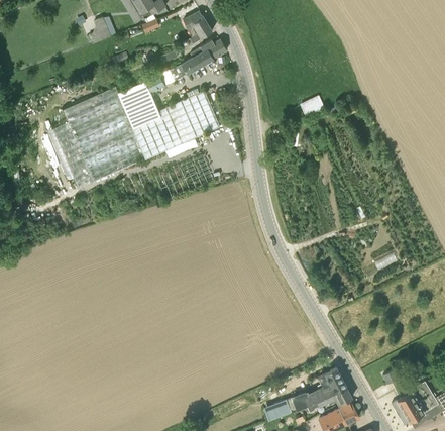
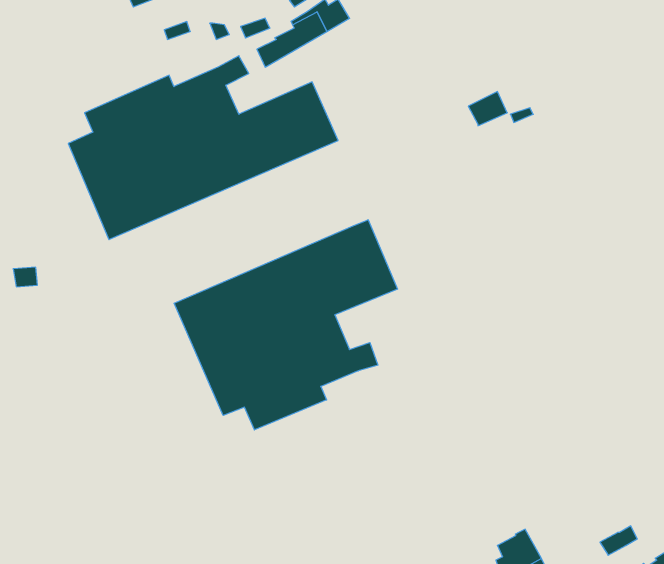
building: none -> [174,220,397,430]

